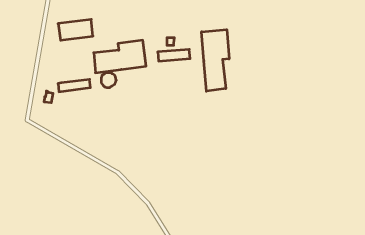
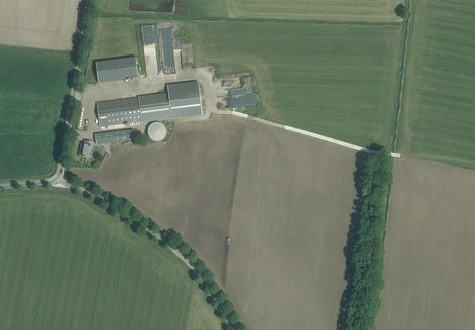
building: [202,30,229,91] -> none
building: none -> [96,96,140,125]

